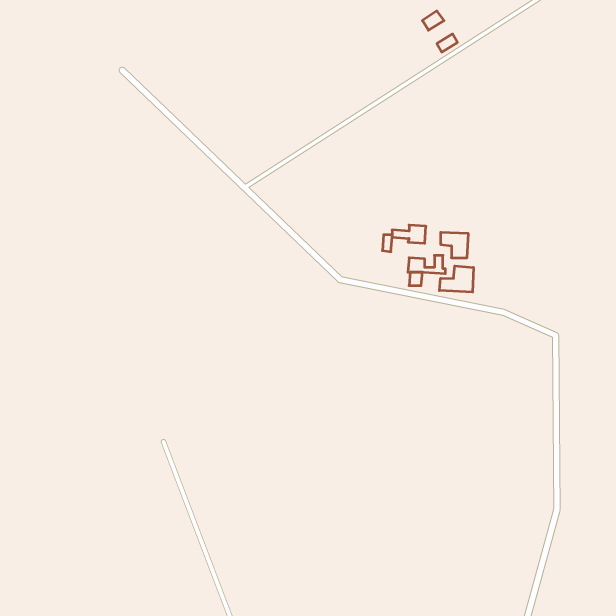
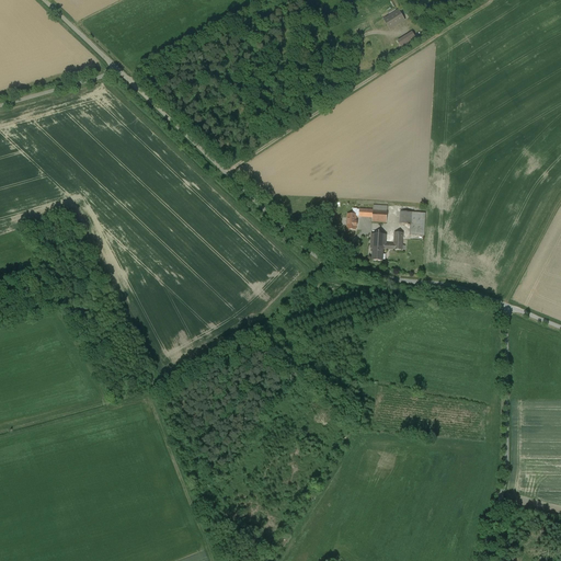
building: [439,266,473,292] -> none

